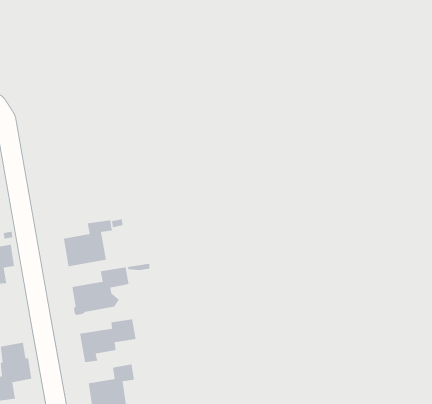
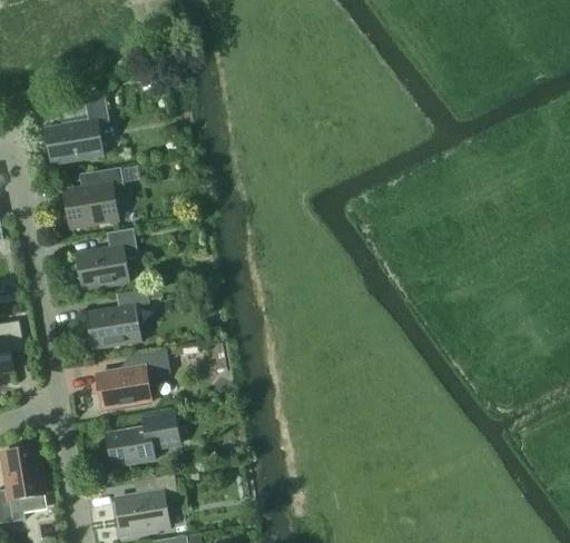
building: none -> [46,92,108,164]
building: none -> [65,168,122,228]
building: none -> [76,229,138,289]

